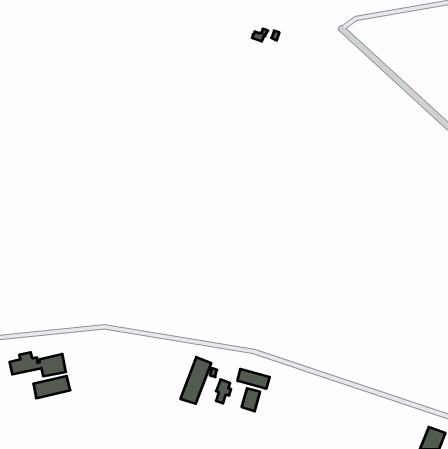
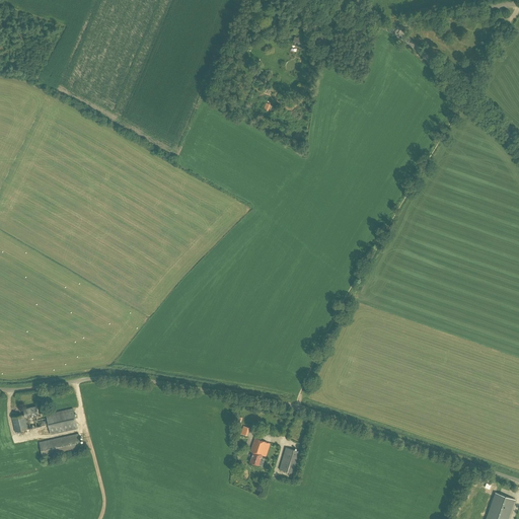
building: [181,357,211,404] -> none
building: [238,369,270,389] -> none

